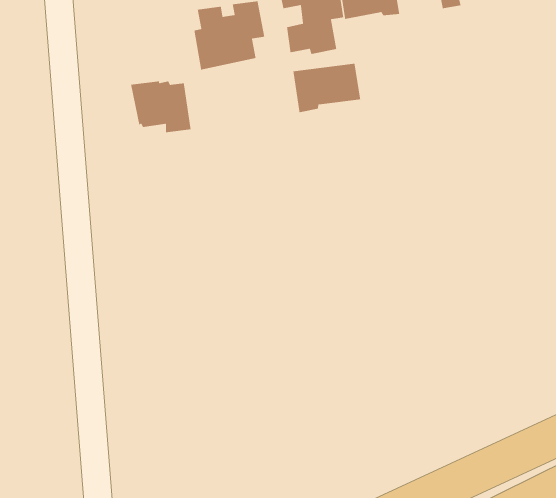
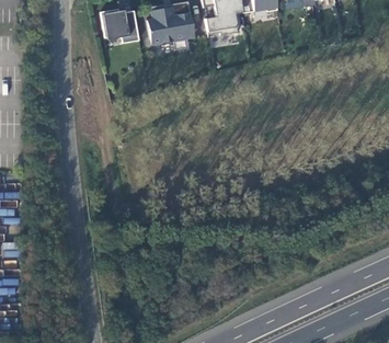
building: [293,63,362,113] -> none
building: [130,81,192,133] -> [100,10,138,43]

